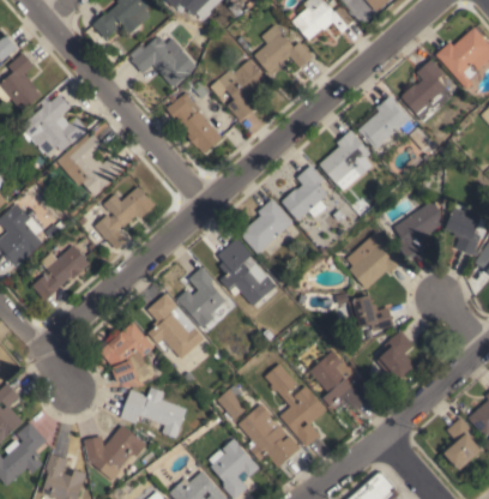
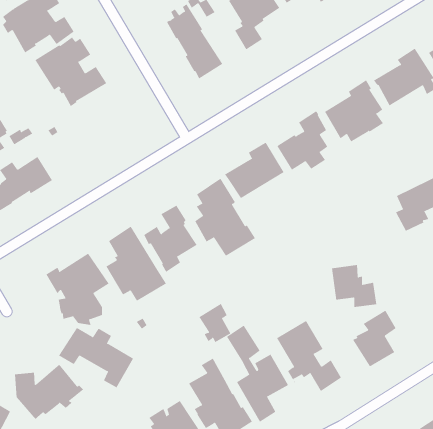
building: [95,186,156,250] -> none
building: [346,232,404,289] -> none
building: [217,384,248,420] -> [198,303,231,343]

